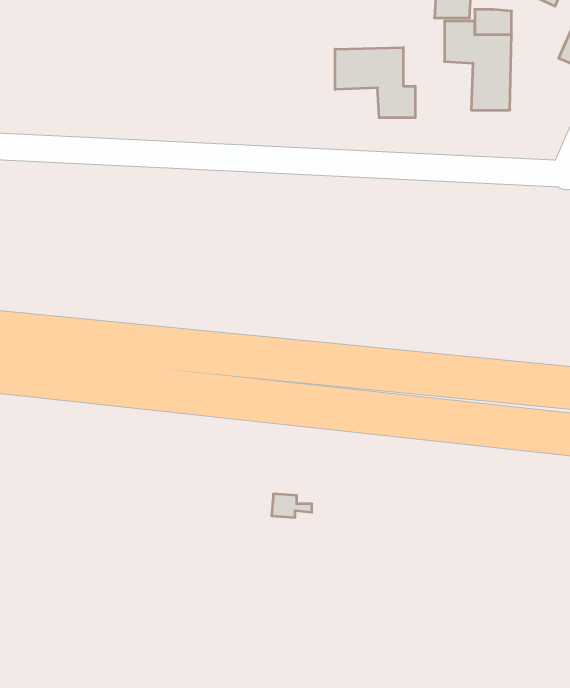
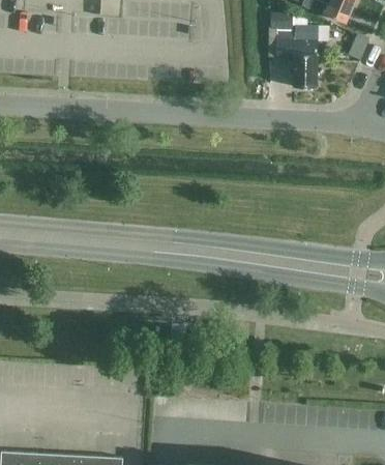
building: [335,47,415,118] -> none

